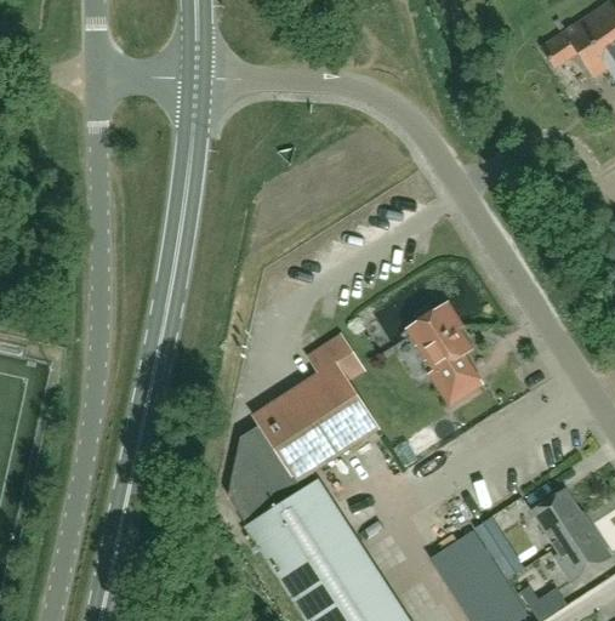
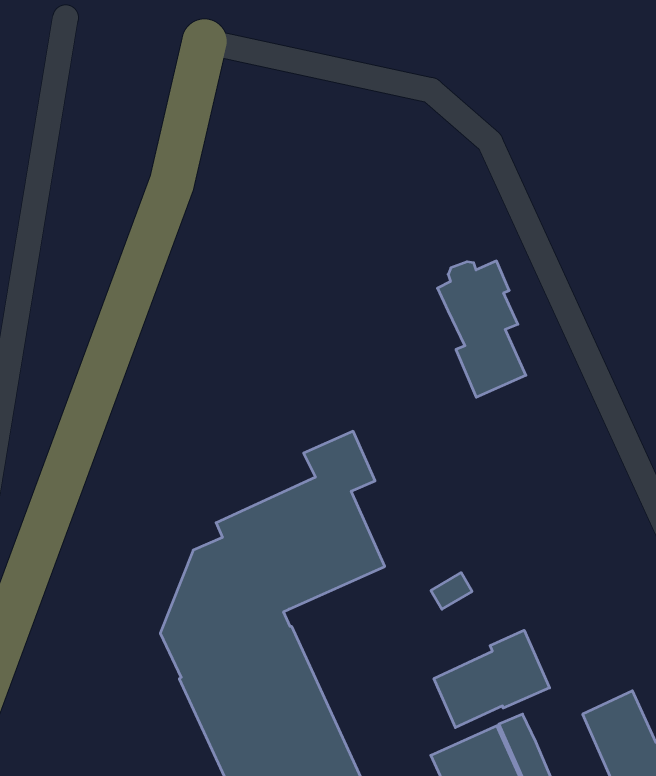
building: [410,306,482,404] -> [437,261,526,397]
building: none -> [434,630,550,728]

